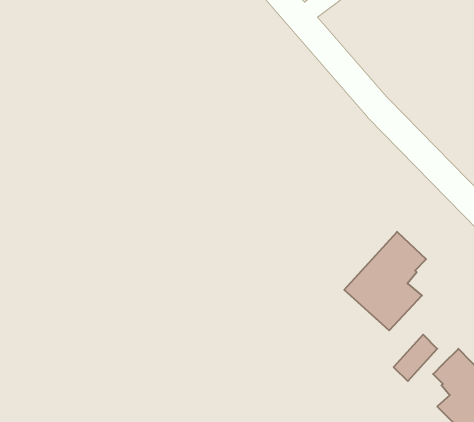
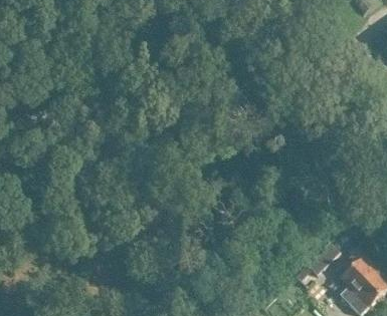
building: [344,232,426,330] -> none

